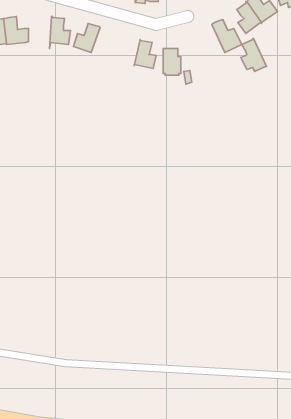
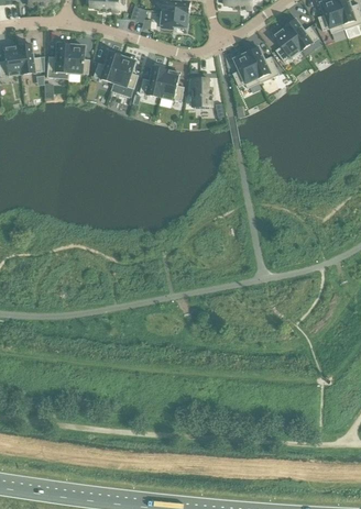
building: none -> [45,42,68,78]
building: none -> [110,55,138,96]
building: none -> [139,65,166,97]
building: [241,38,267,71] -> [231,52,260,88]

